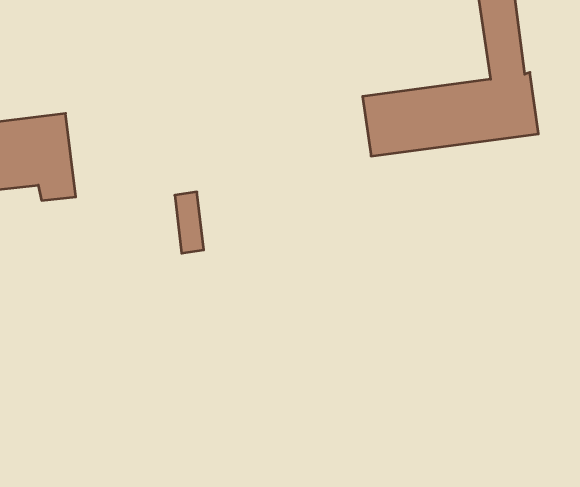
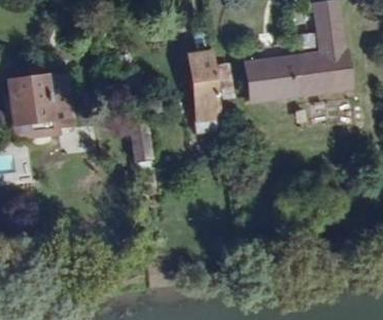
building: none -> [189,50,221,131]

